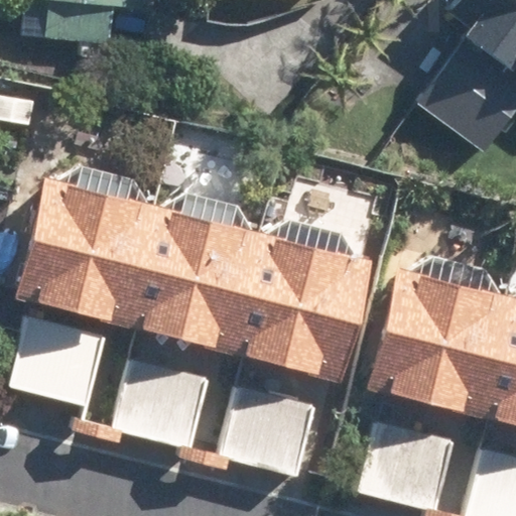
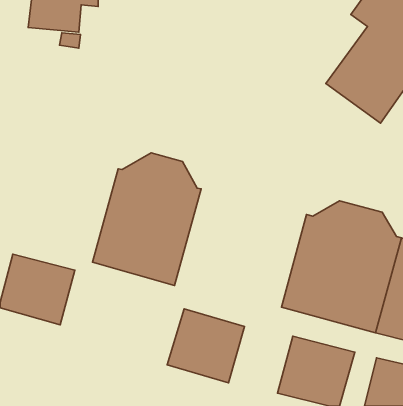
building: [18,165,158,329] -> none
building: [229,220,370,386] -> none
building: [112,360,210,449] -> none

